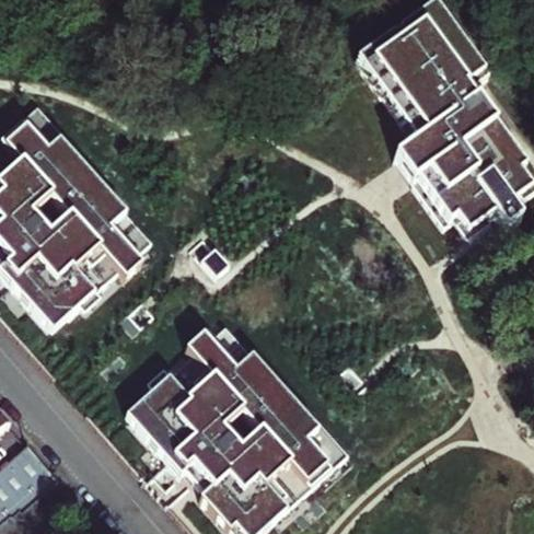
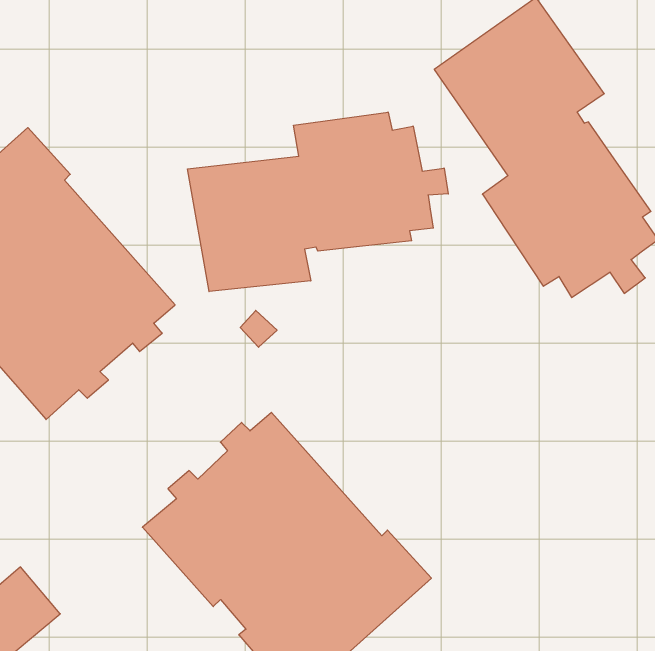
building: none -> [188,112,448,292]

